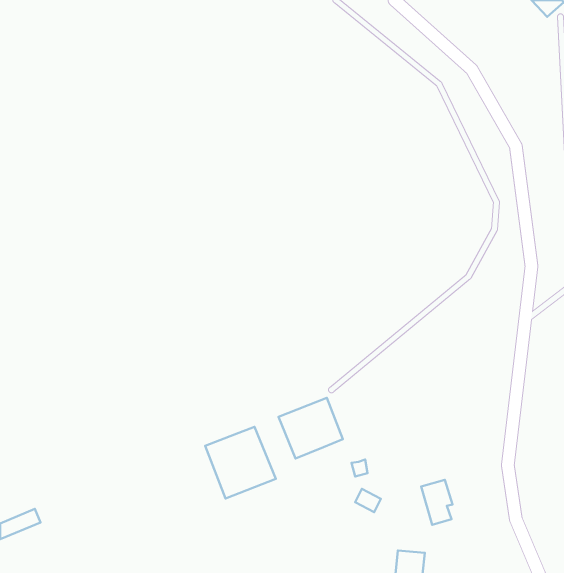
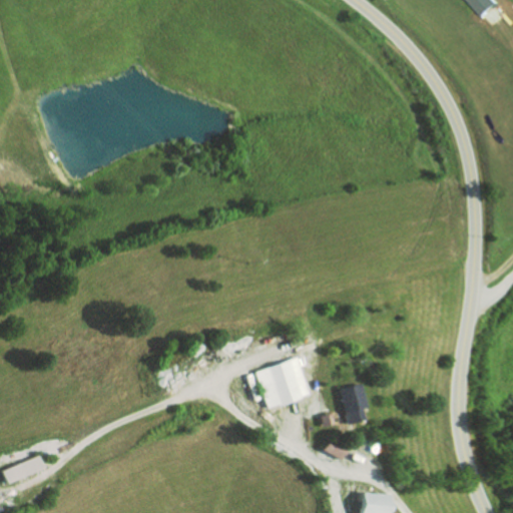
building: [205,427,276,498] -> none
building: [421,480,453,525] -> [338,383,366,423]

